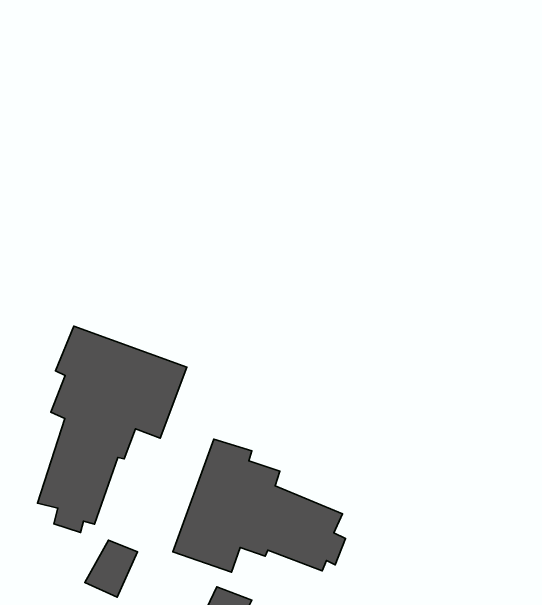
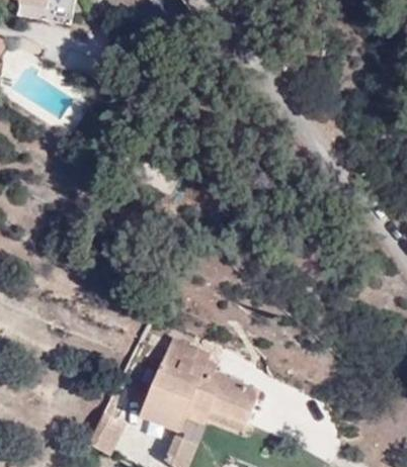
building: [37,326,187,533] -> none

